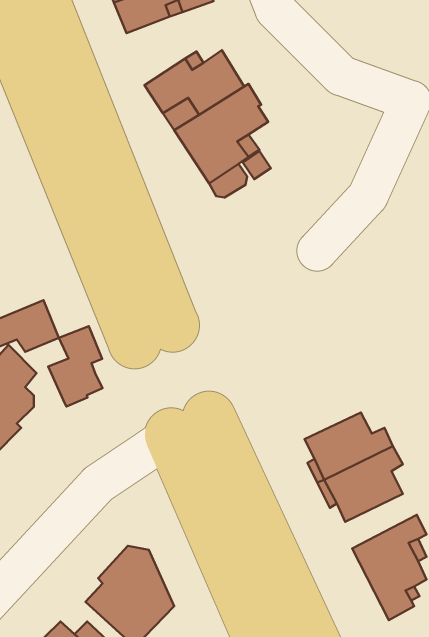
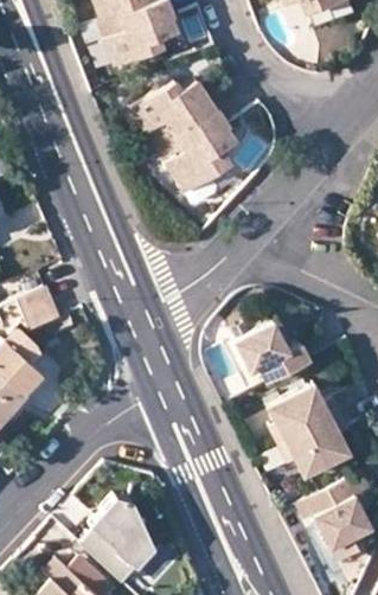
building: [48,326,102,407] -> none
building: none -> [235,322,309,382]

